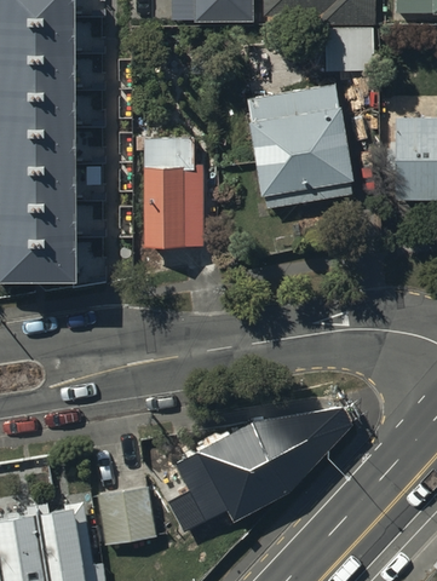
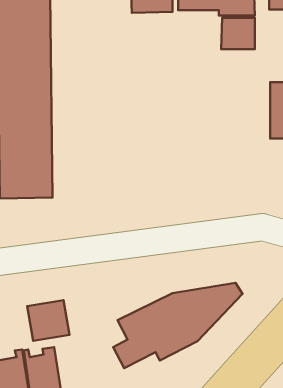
building: [246,85,353,209] -> none
building: [143,139,203,248] -> none
building: [98,484,159,542] -> [27,300,69,341]

